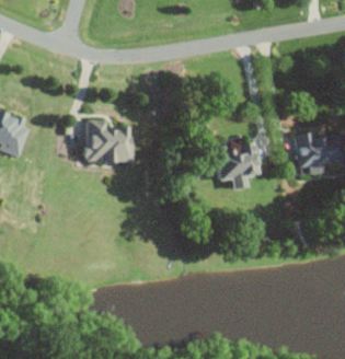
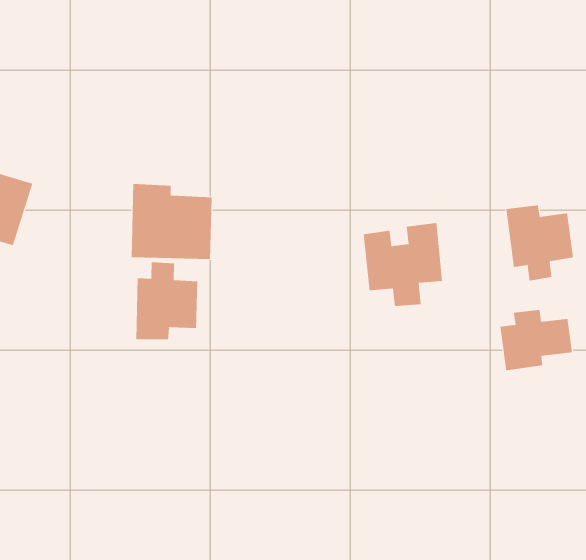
building: none -> [136,261,198,340]
building: none -> [500,309,573,371]

